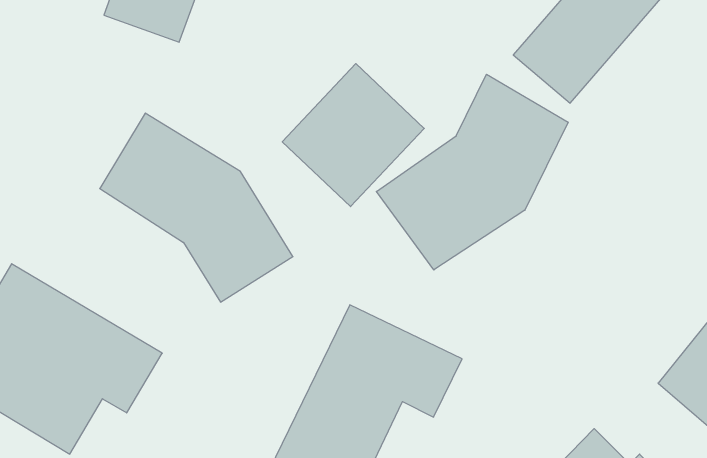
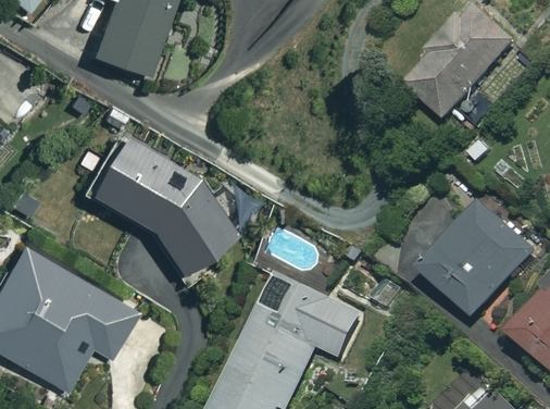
building: [282,64,424,207] -> none
building: [376,74,568,270] -> none
building: none -> [420,203,534,318]

